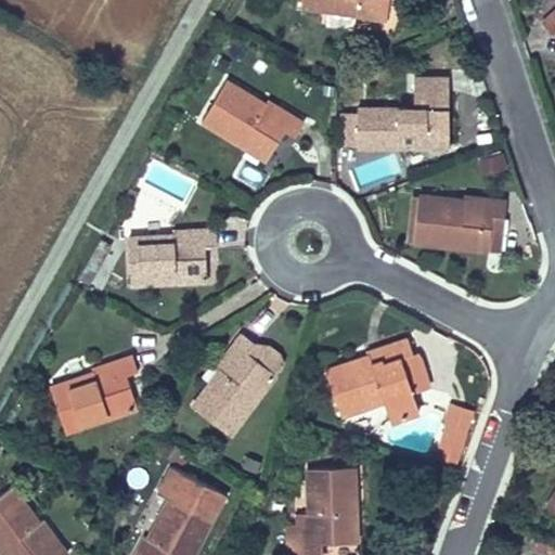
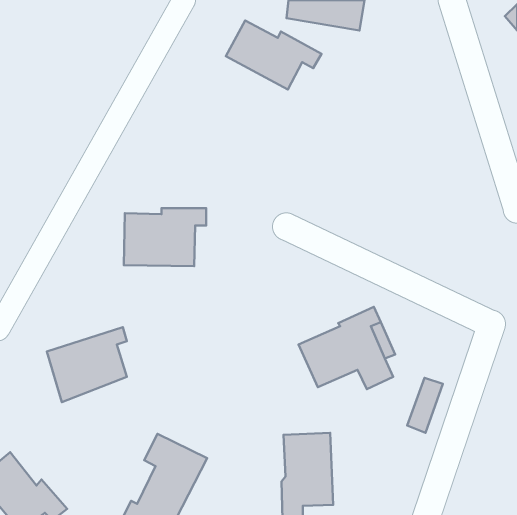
building: [357,79,455,151] -> none
building: [205,87,307,160] -> [226,20,321,90]
building: [413,194,507,257] -> none
building: [192,333,284,437] -> none

